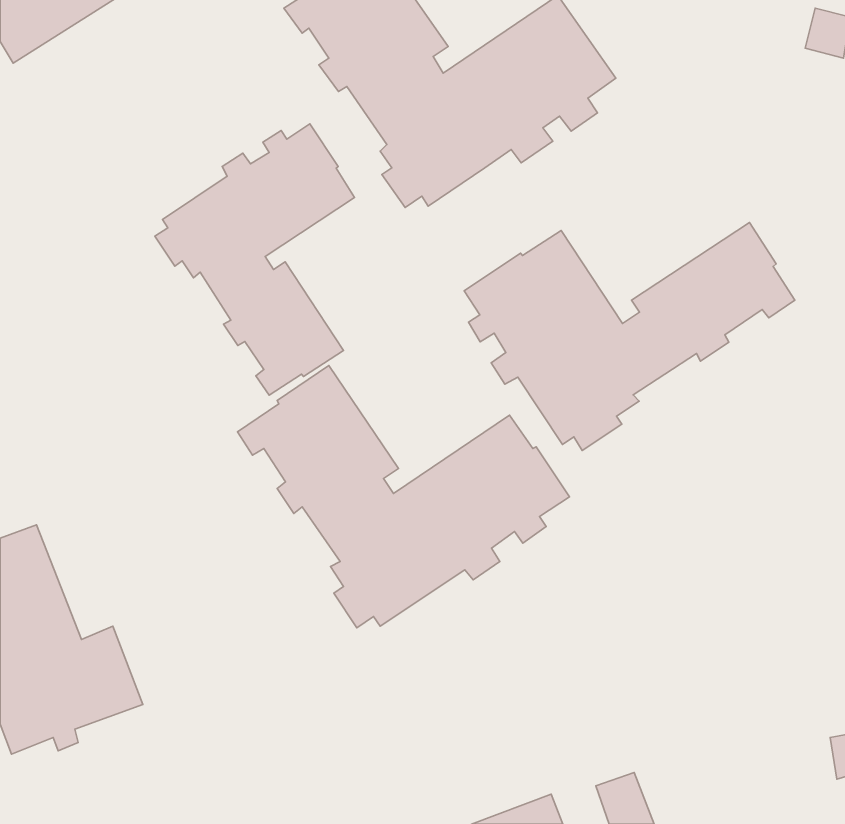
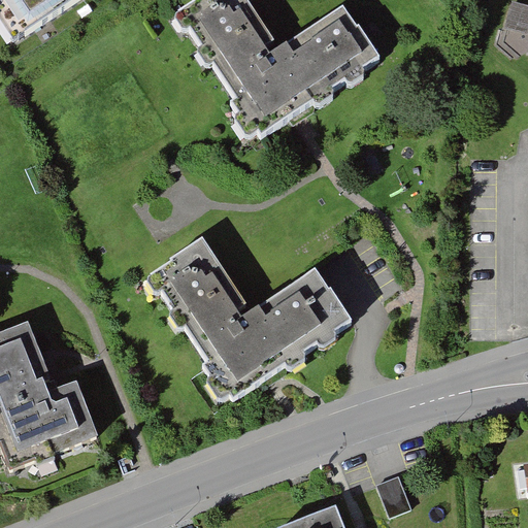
building: [155,124,355,395] -> none
building: [464,223,795,451] -> none

